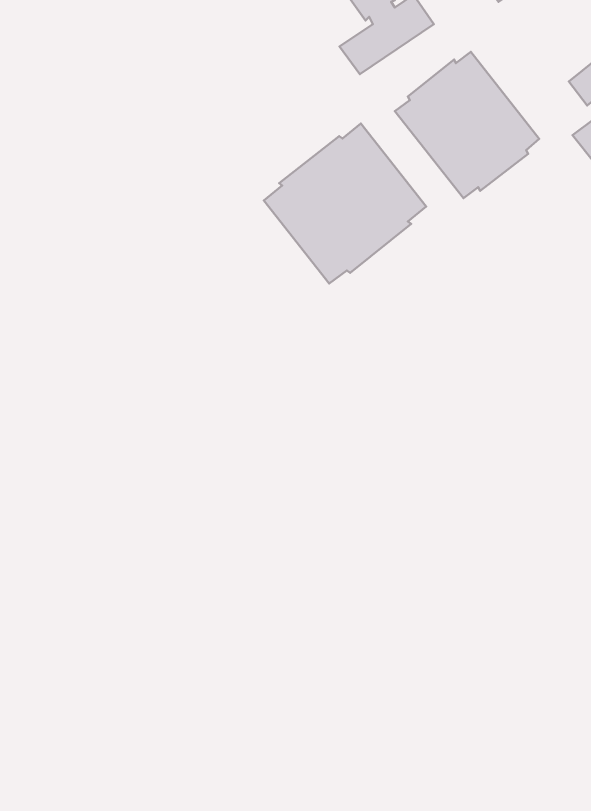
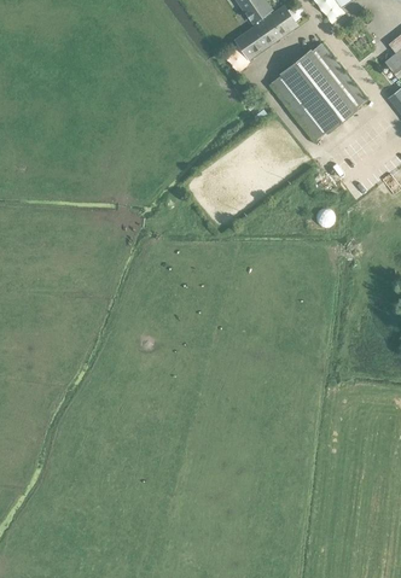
building: [264,124,426,284] -> none

